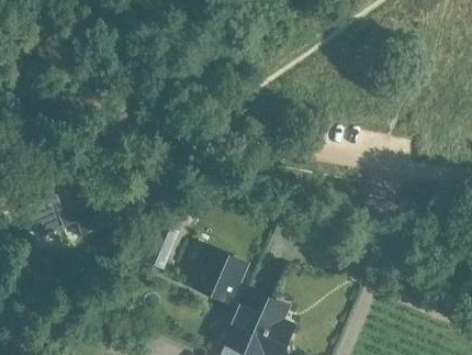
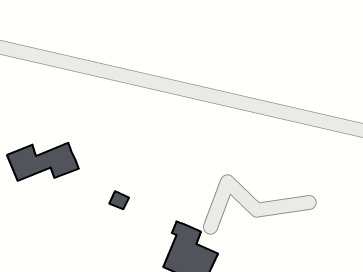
building: [195,253,244,304] -> none

